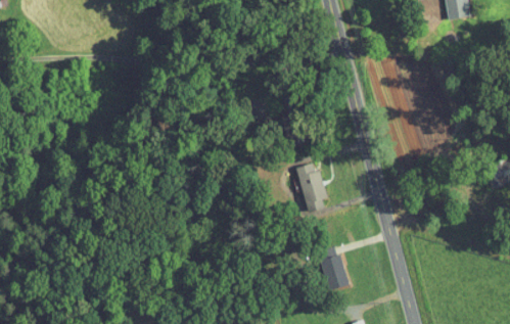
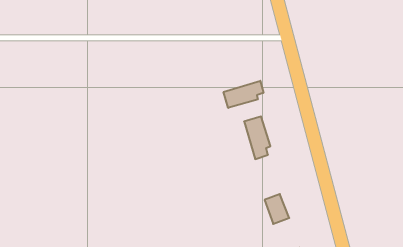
building: none -> [224,81,263,108]

